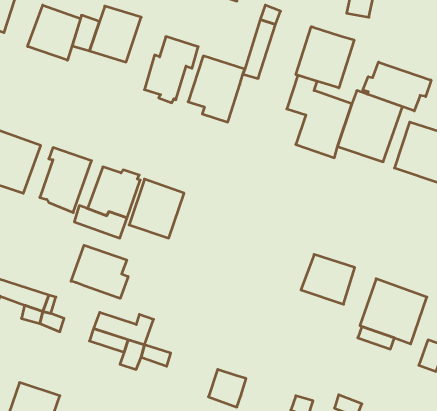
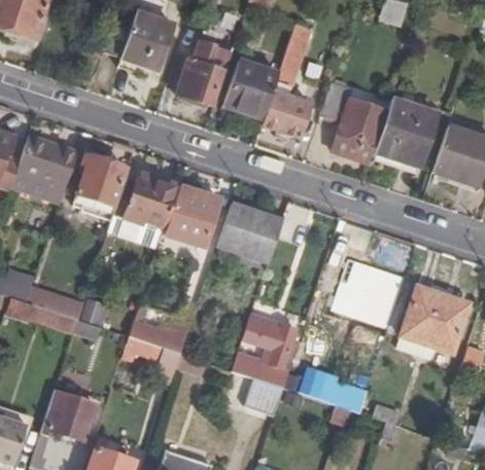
building: [28,5,80,60] -> none
building: [296,27,354,88] -> none
building: [363,62,431,111] -> none
building: none -> [266,89,312,136]
building: none -> [217,202,284,263]
building: [71,245,128,298] -> none
building: none -> [233,323,300,387]

